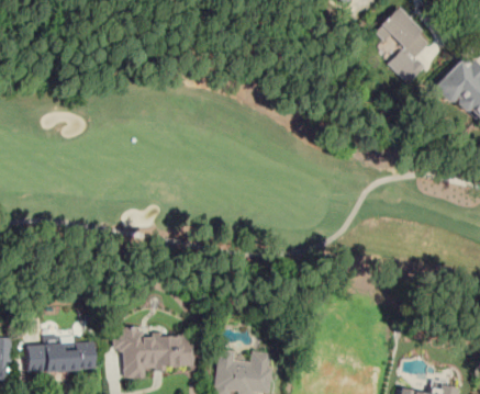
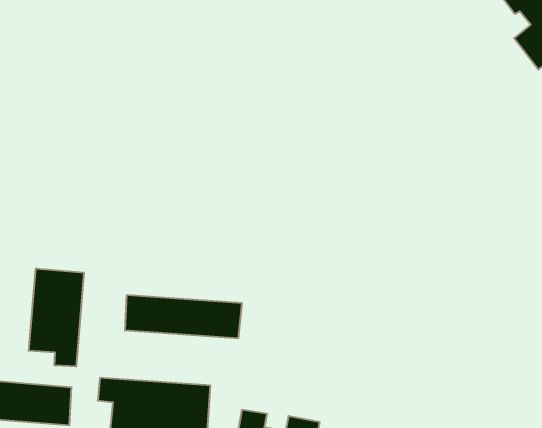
building: none -> [29,268,84,367]
building: none -> [125,295,242,338]

